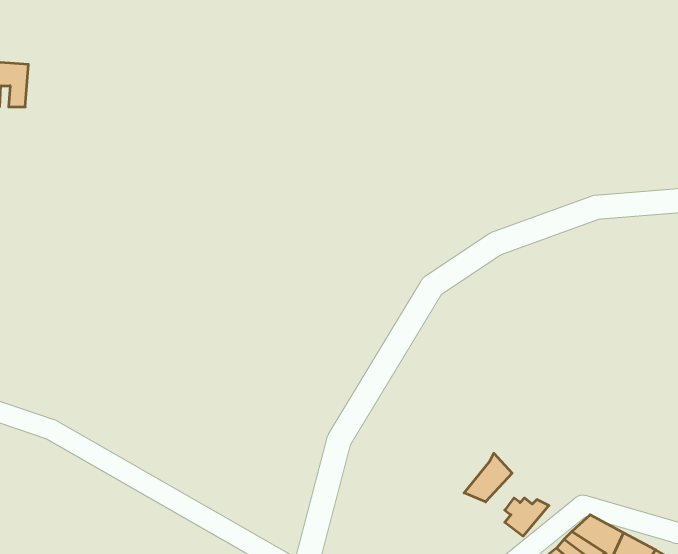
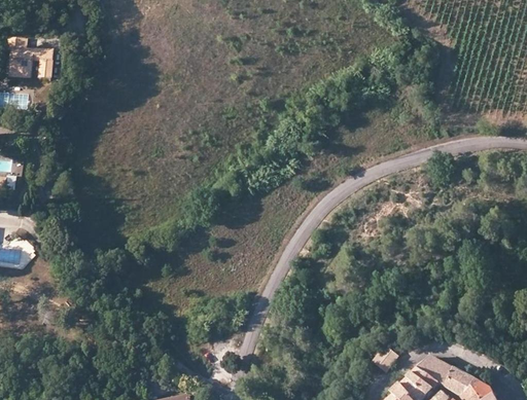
building: [464,453,512,502] -> none

